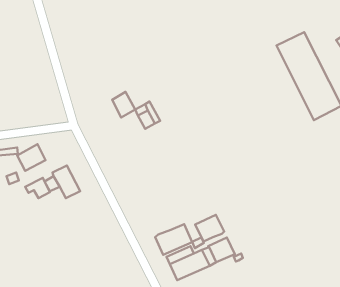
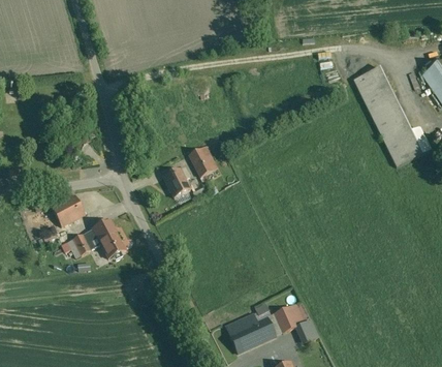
building: [112,92,135,117] -> [163,167,190,197]
building: [195,215,224,241] -> none
building: [155,224,192,255] -> none

